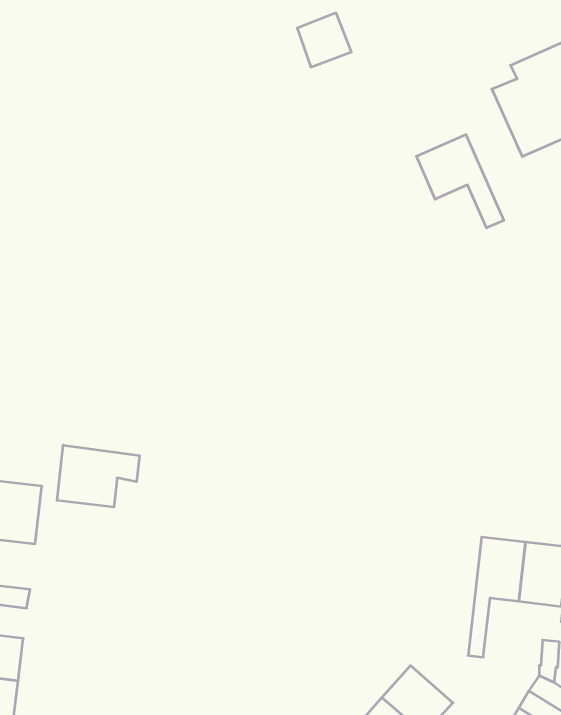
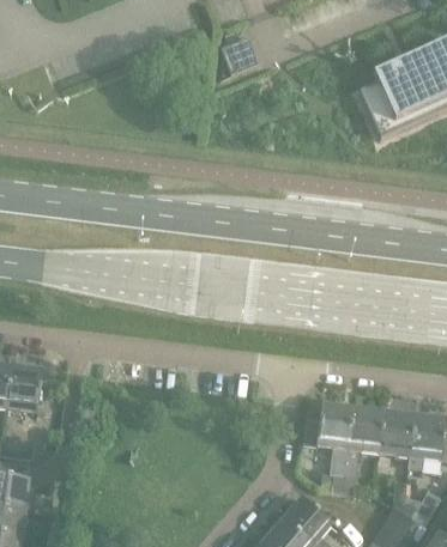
building: [416,135,504,228] -> none
building: [57,445,139,507] -> none
building: none -> [316,401,352,488]

